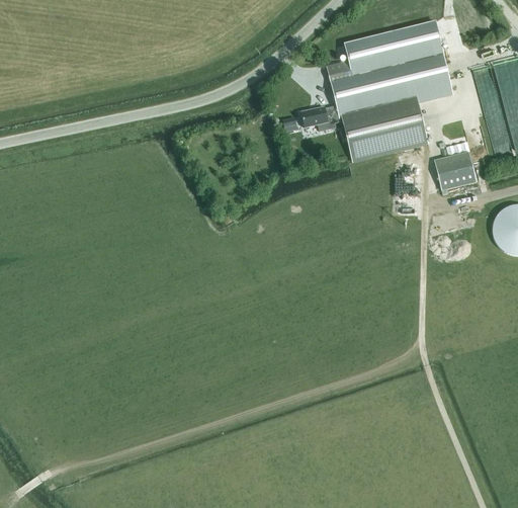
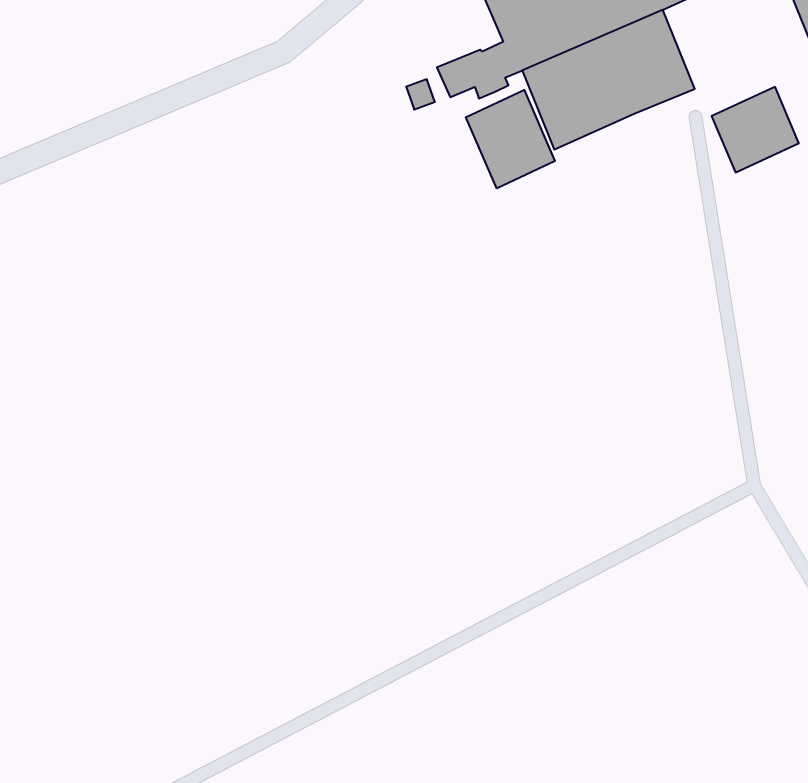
building: none -> [466,90,555,188]

